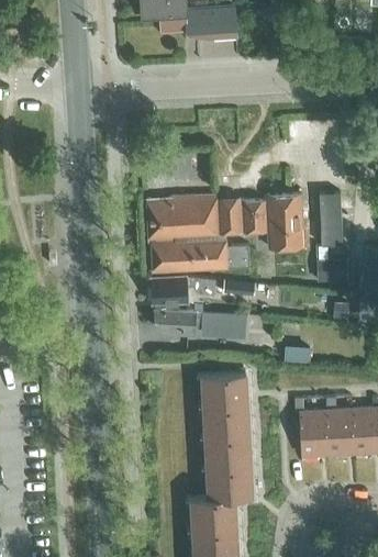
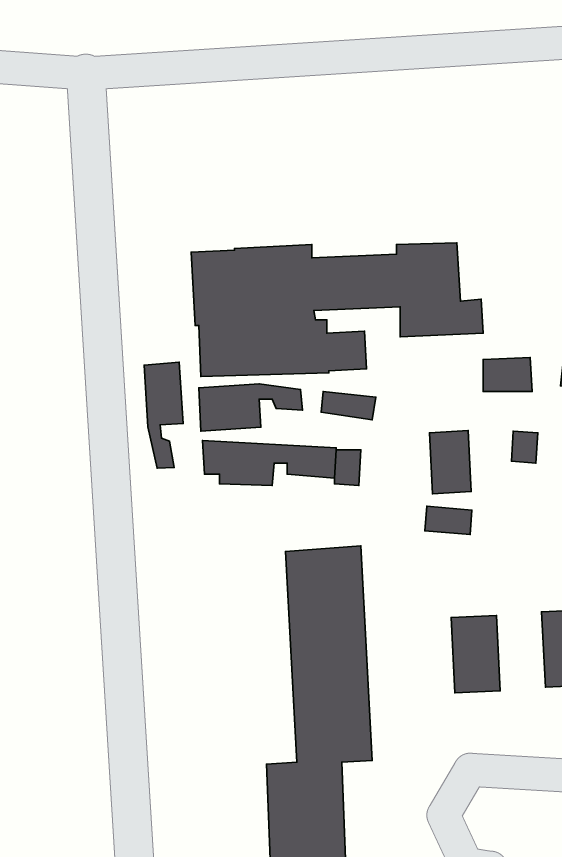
building: [319,192,341,245] -> none
building: none -> [144,362,183,468]
building: none -> [429,431,471,494]
building: [324,409,353,455] -> none

